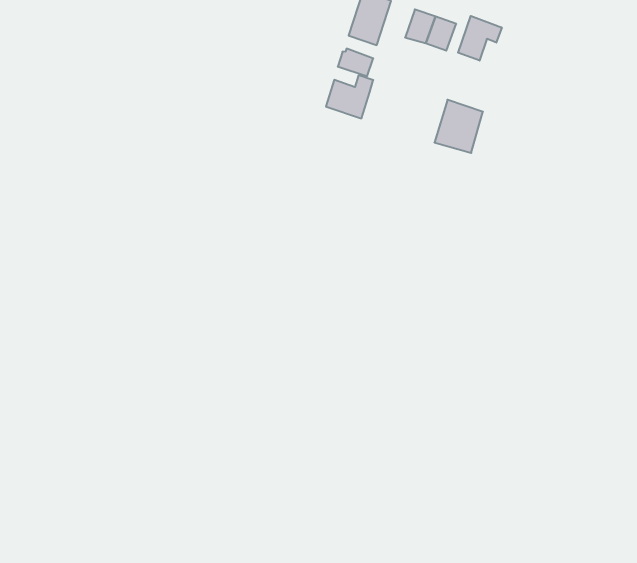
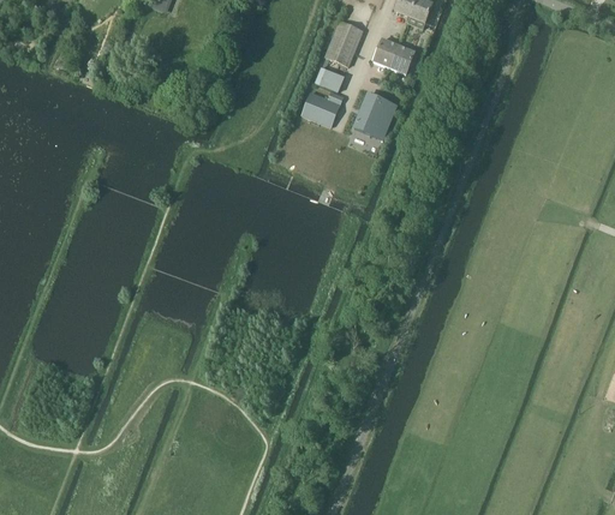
building: [458,16,502,61] -> none
building: [434,100,483,153] -> [353,92,395,138]

